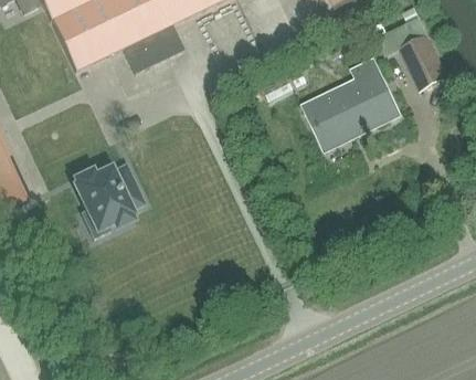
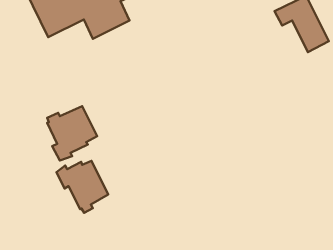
building: [309,62,398,145] -> none
building: none -> [57,161,108,213]

